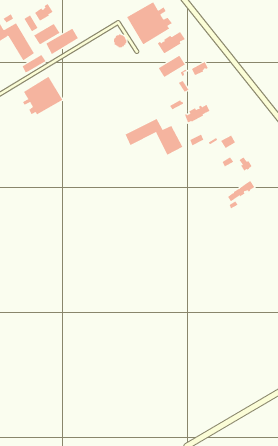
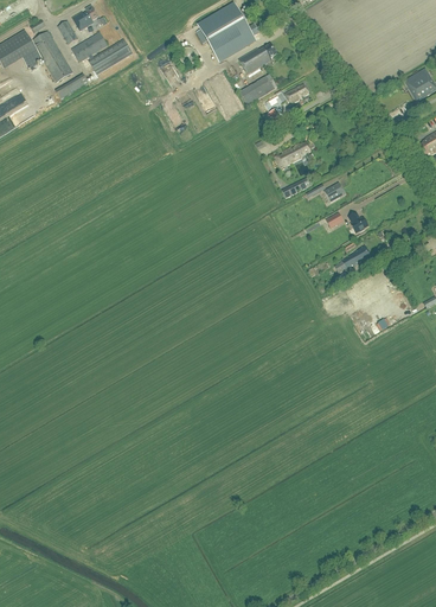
building: [22,76,63,115] -> none
building: [125,118,183,156] -> none

